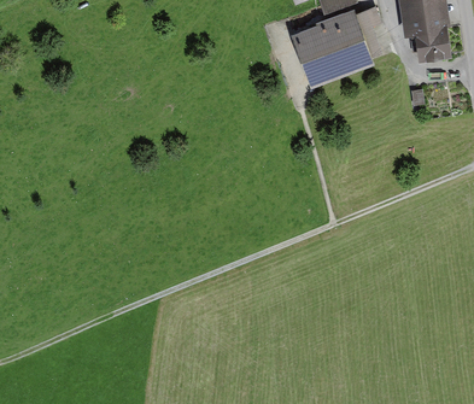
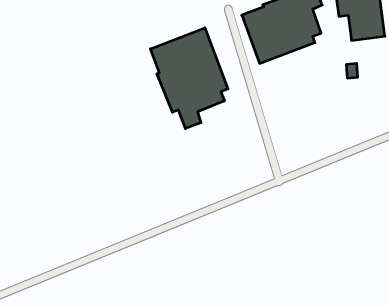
building: none -> [150,28,228,129]

